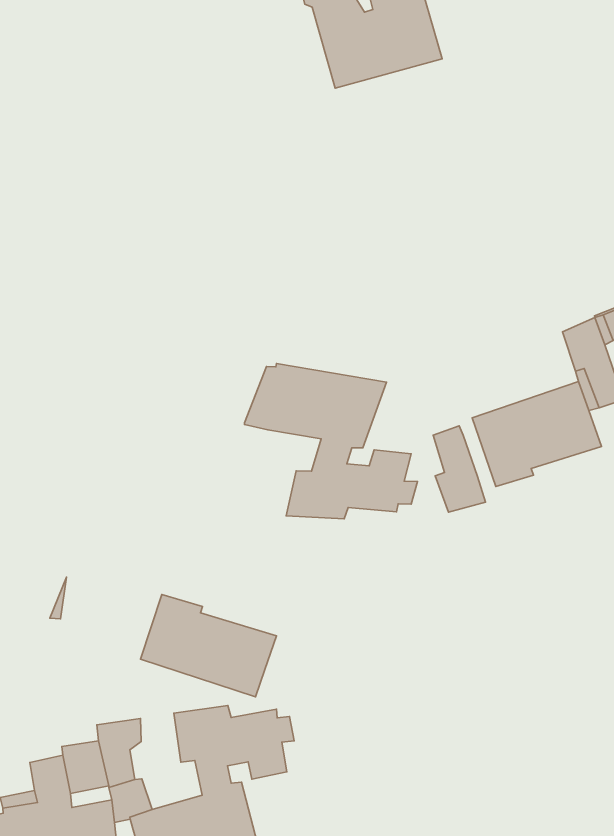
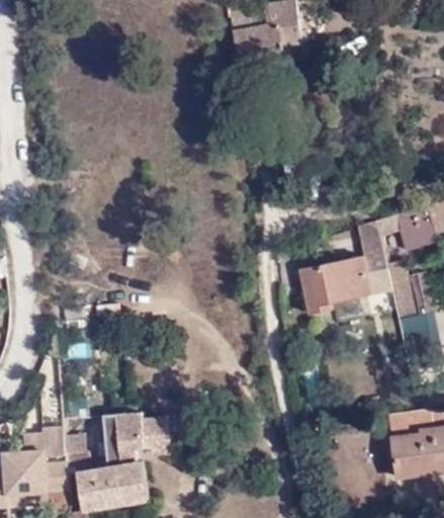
building: [244,364,417,519] -> none
building: [433,426,486,512] -> none
building: [141,595,277,697] -> none

